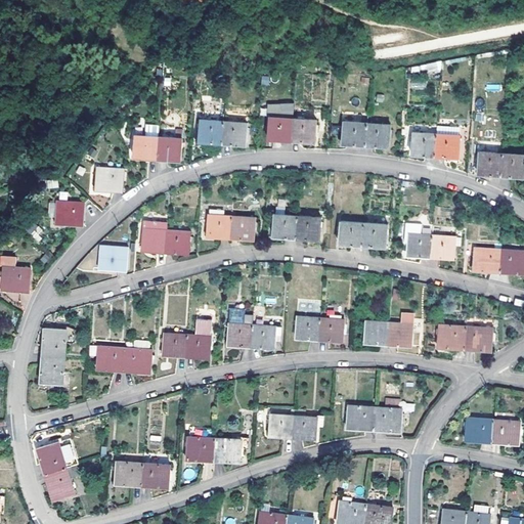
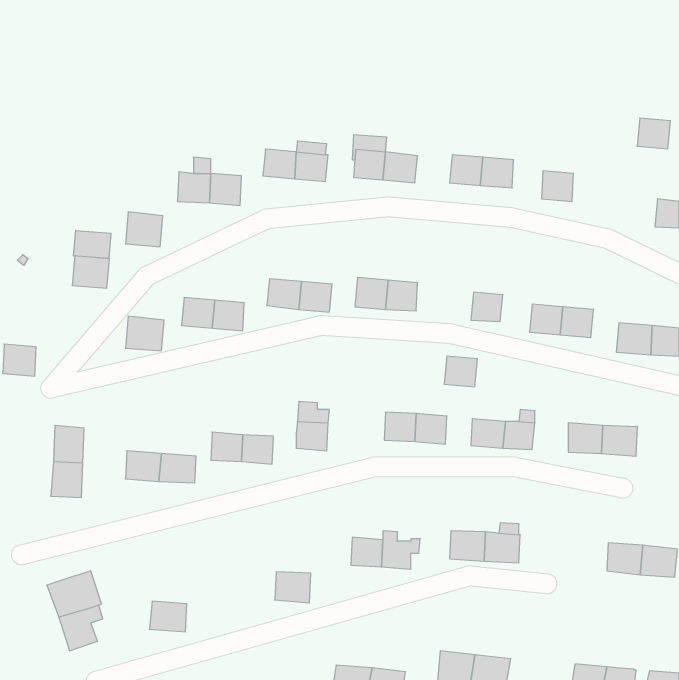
building: [439,134,464,158] -> none
building: [479,151,505,175] -> [637,118,670,149]
building: none -> [74,230,111,259]
building: [338,223,363,247] -> [444,356,477,387]
building: [251,325,280,348] -> none
building: [184,438,212,462] -> none
building: [142,465,169,487] -> none

